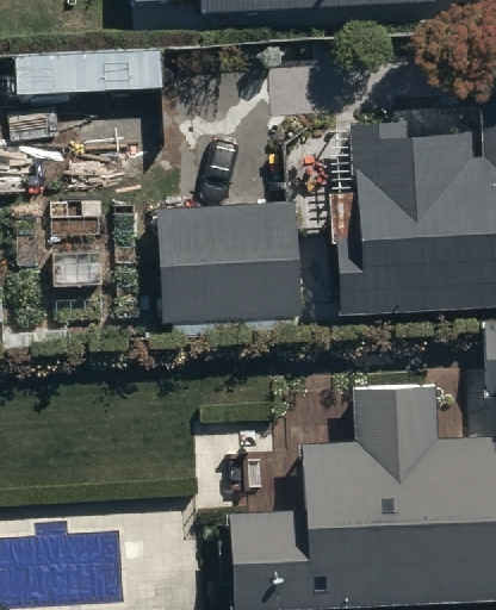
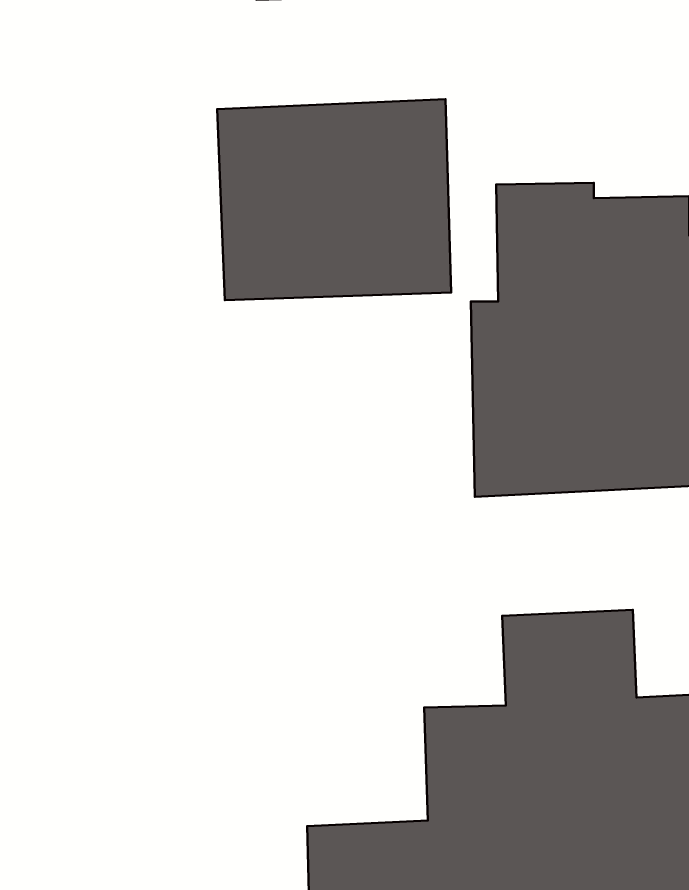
building: [156,200,299,323] -> [217,99,451,300]

